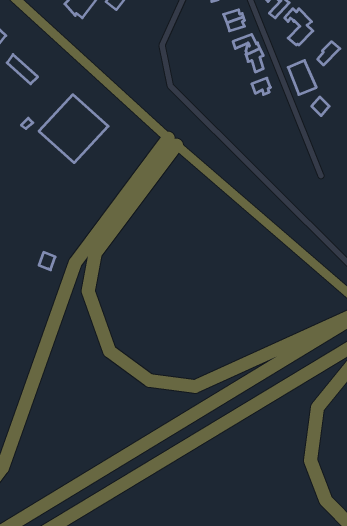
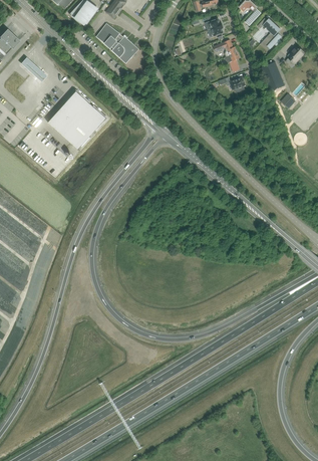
building: none -> [96,23,133,63]

